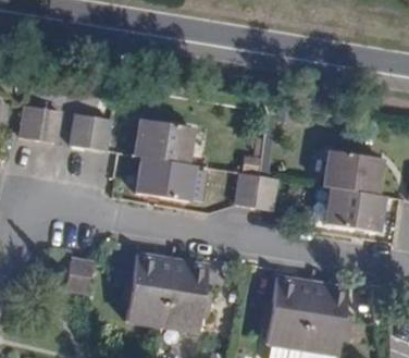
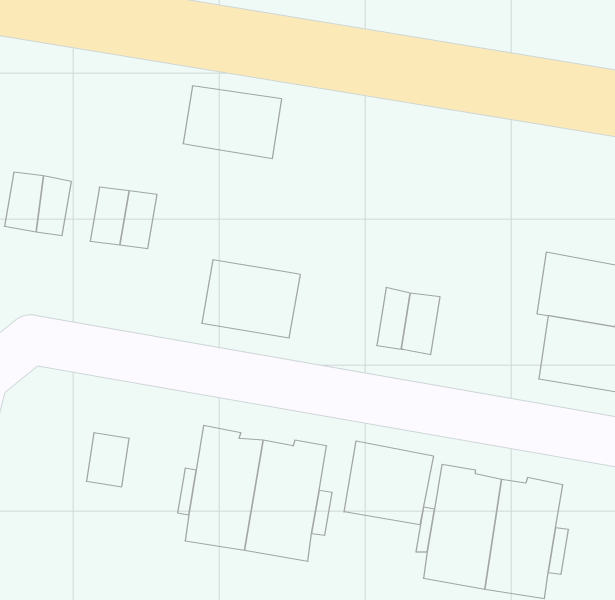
building: [137,121,195,163] -> [183,86,282,159]
building: none -> [344,441,433,525]

